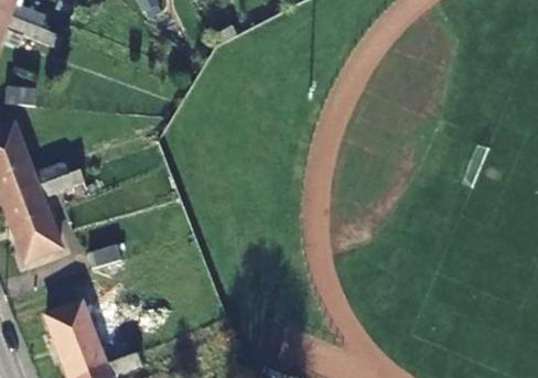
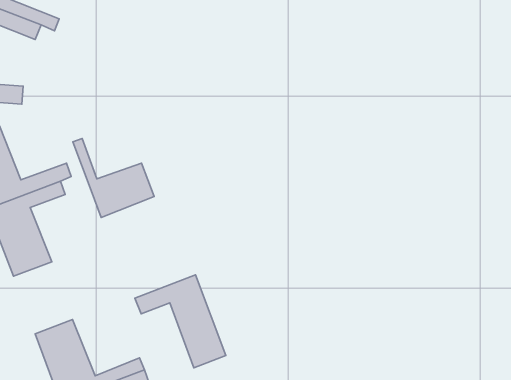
building: none -> [73,139,154,218]
building: none -> [135,275,226,368]

